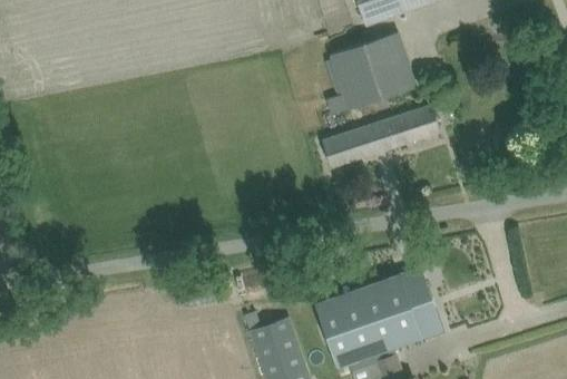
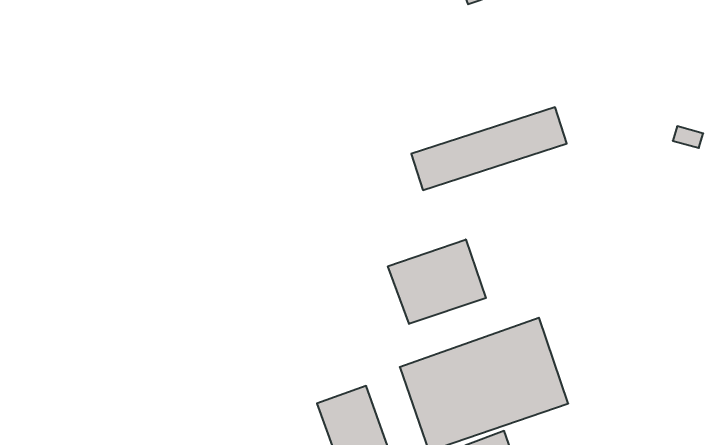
building: [330,31,417,109] -> none
building: none -> [388,239,486,324]

